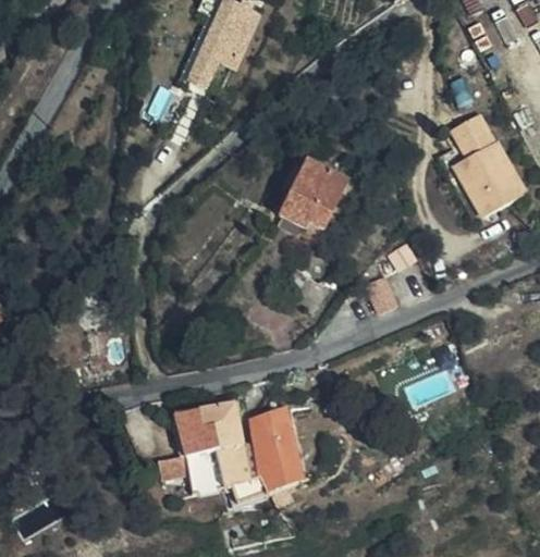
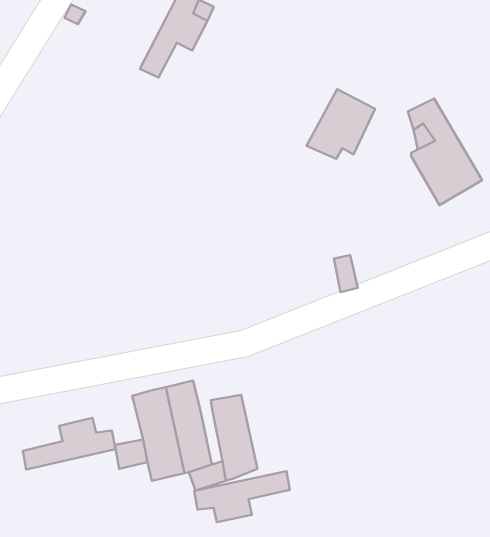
building: [279,161,347,231] -> [307,89,375,159]
building: none -> [23,418,115,469]
building: none -> [194,471,290,522]

